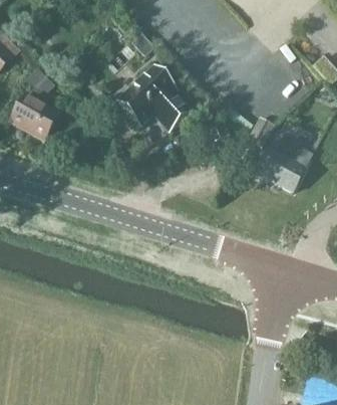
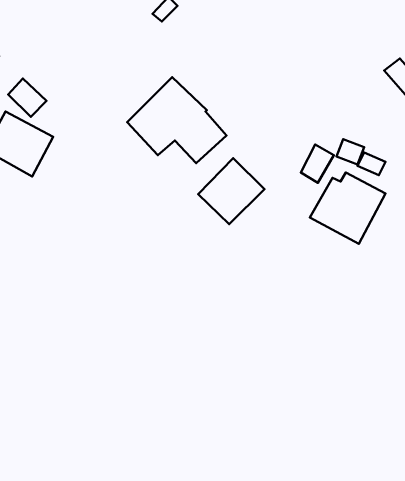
building: none -> [198,158,265,224]

